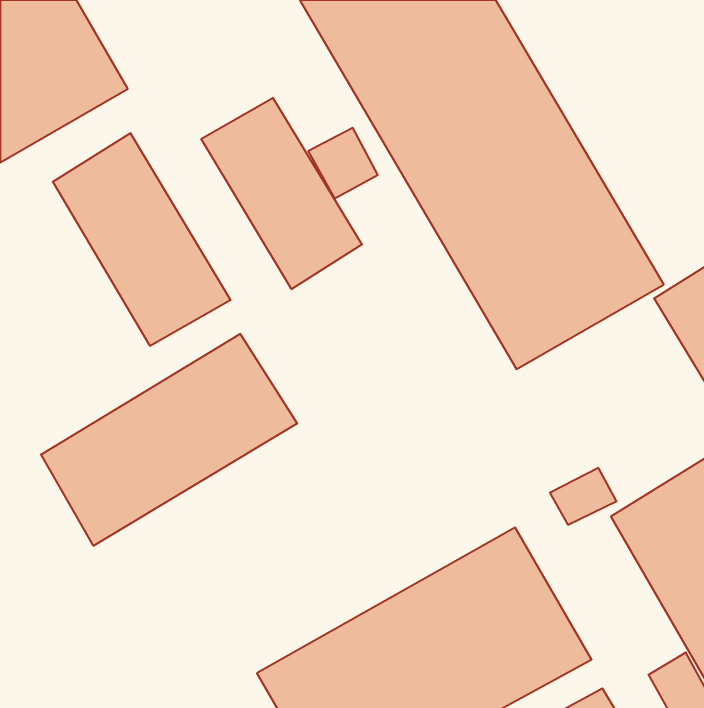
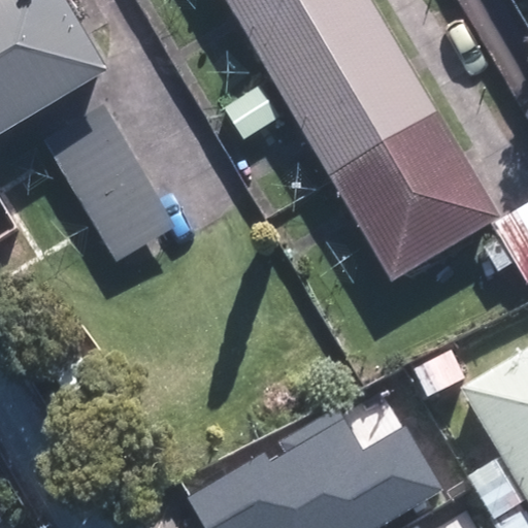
building: [201,98,362,289] -> none
building: [41,334,297,546] -> none

